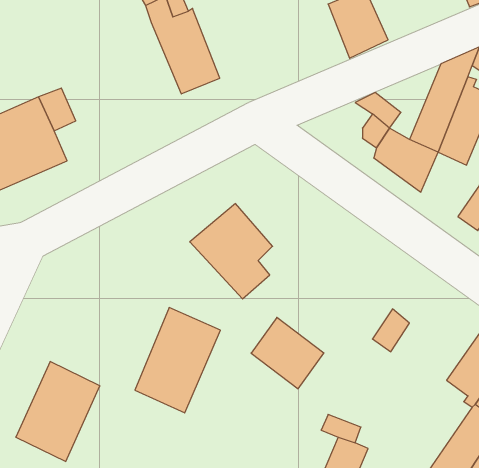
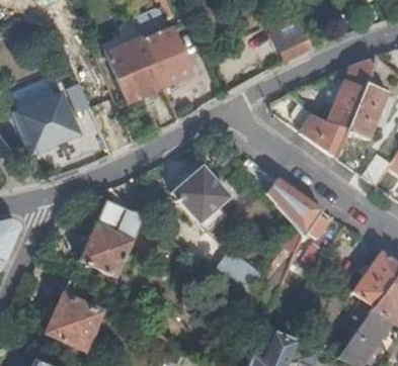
building: none -> [107,36,165,102]
building: none -> [265,177,316,234]
building: [135,308,220,413] -> [80,201,141,276]

